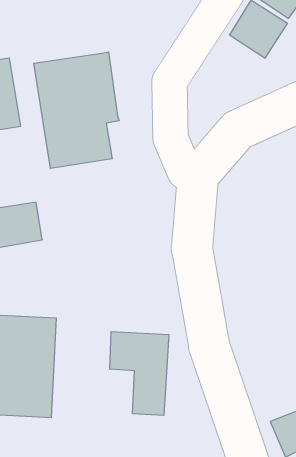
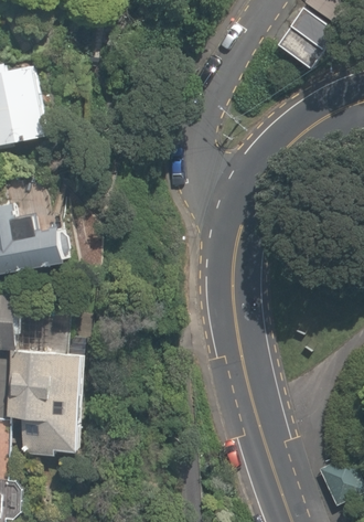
building: [34,52,119,169] -> none
building: [110,332,169,415] -> none

